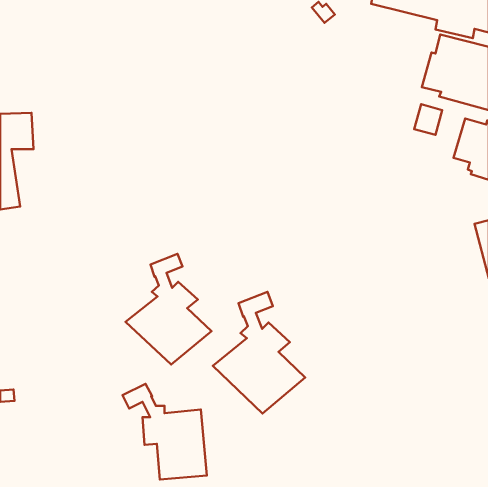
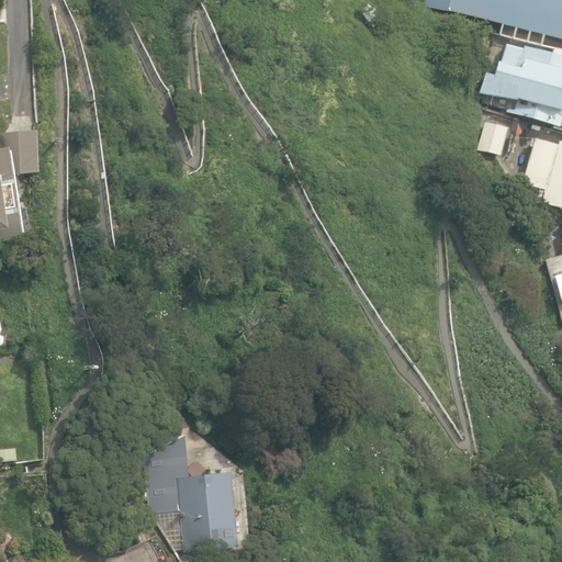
building: [125,254,212,364] -> none
building: [213,292,305,413] -> none

